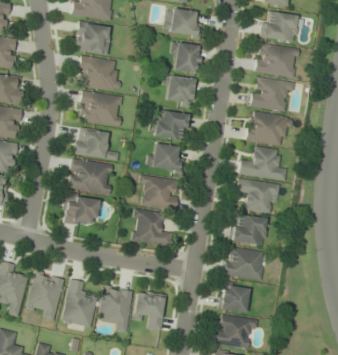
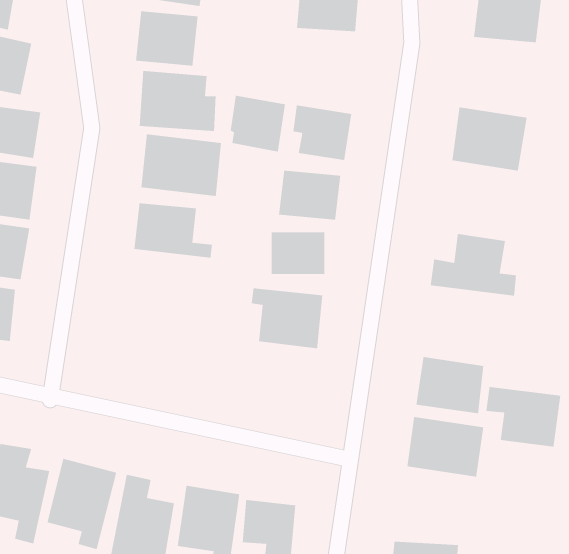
building: [170,41,201,73] -> [230,95,286,153]
building: [254,42,298,78] -> none
building: [244,109,291,145] -> none
building: [67,157,113,193] -> none
building: [236,178,278,212] -> [485,386,561,448]
building: [62,193,97,225] -> none
building: [131,208,171,245] -> none
building: [220,284,249,311] -> none

